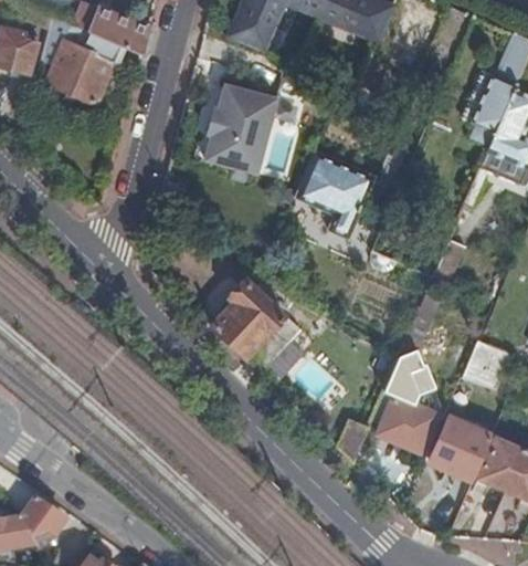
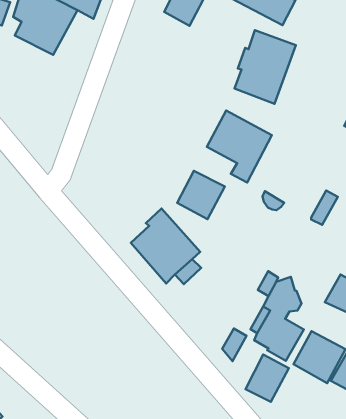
building: [205,85,277,175] -> [234,30,296,104]
building: none -> [177,171,225,219]
building: none -> [246,355,289,402]

